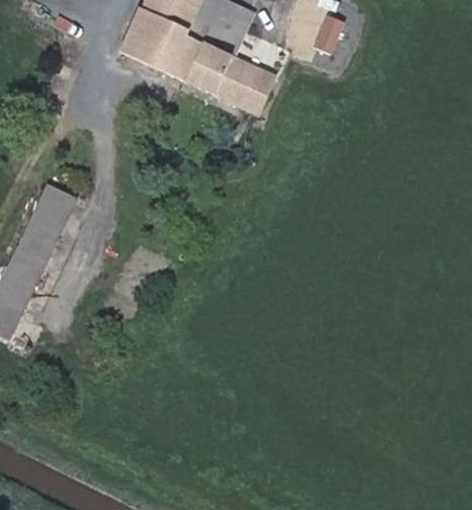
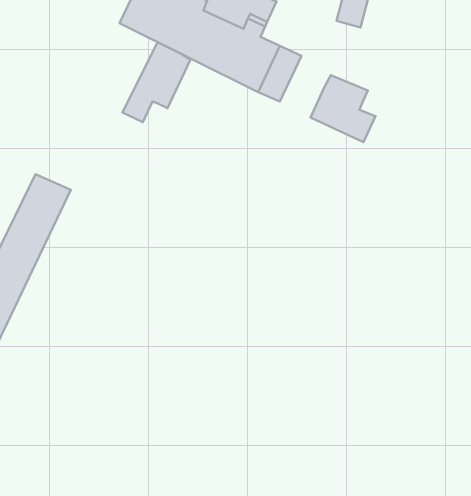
building: none -> [122,42,190,122]
building: none -> [310,75,375,142]

